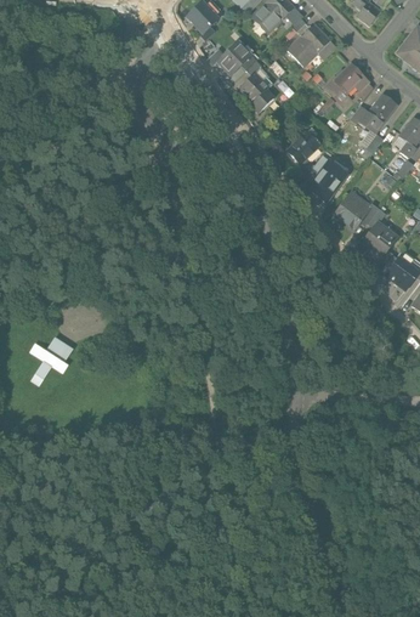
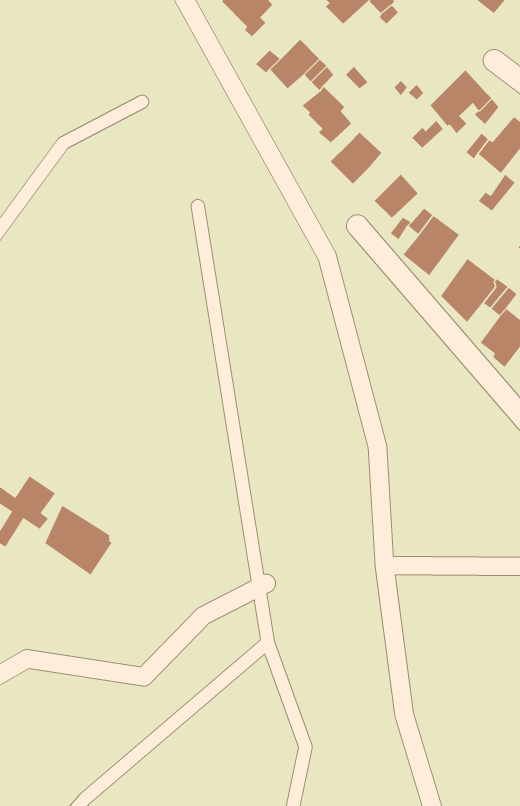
building: [286,23,330,66] -> none
building: none -> [330,132,382,185]
building: none -> [44,505,113,576]

